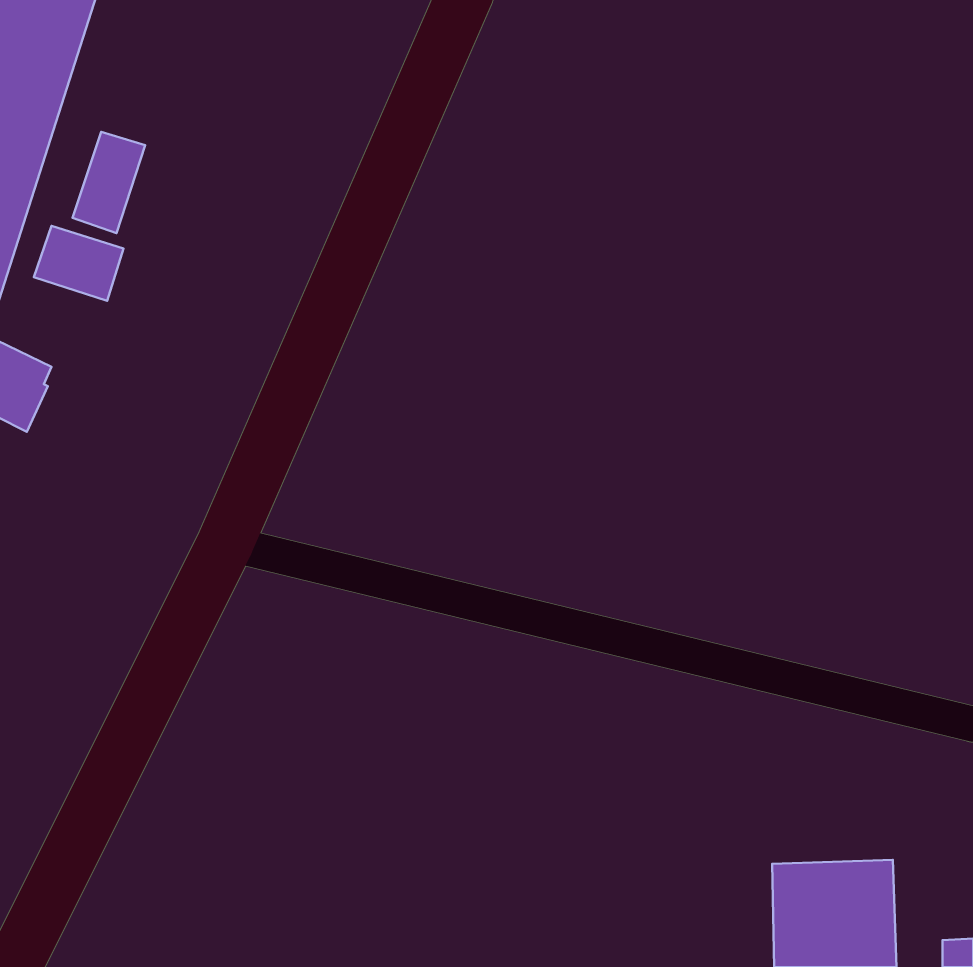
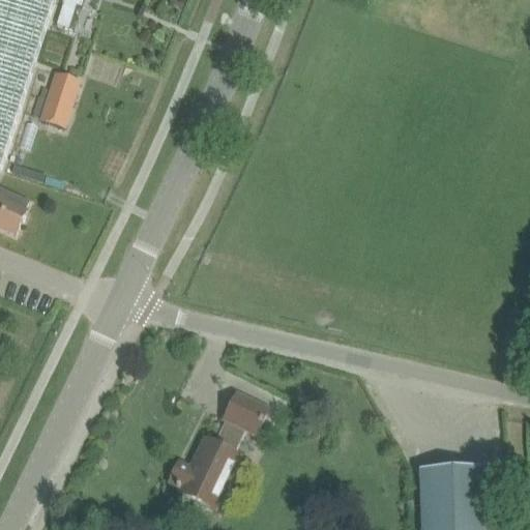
building: [34,226,123,301] -> none
building: none -> [168,391,267,507]

